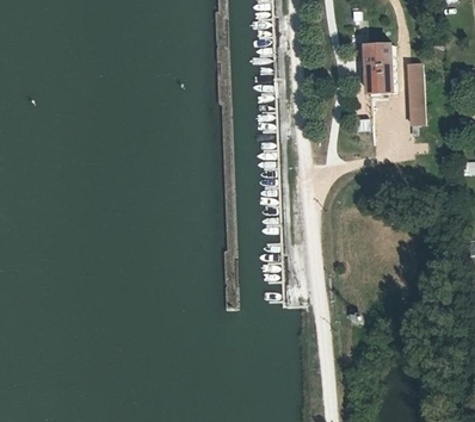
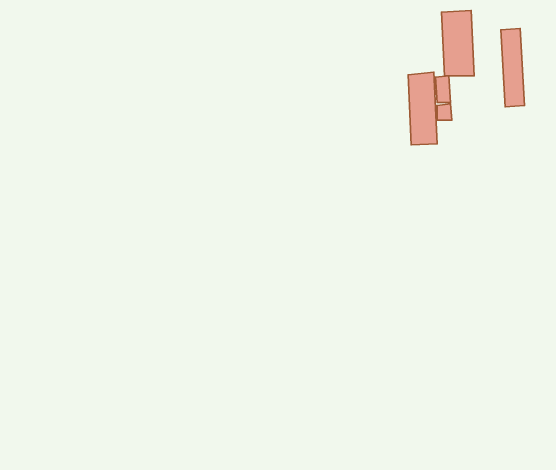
building: none -> [408,72,437,145]

